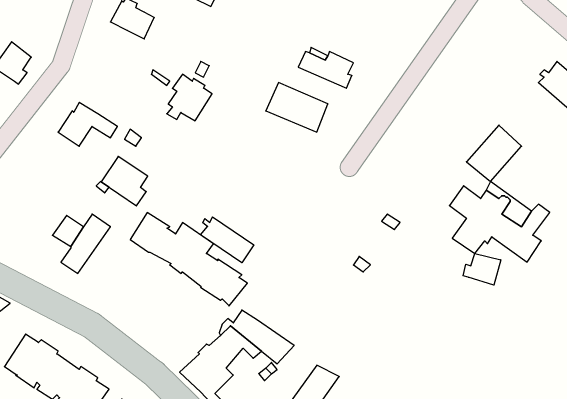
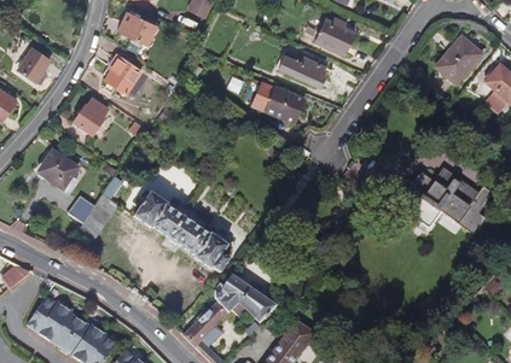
building: none -> [315,16,354,54]
building: [167,74,212,121] -> [103,53,141,93]
building: [466,125,522,182] -> [434,35,481,83]
building: [101,156,148,206] -> [37,150,77,192]
building: [201,217,254,263] -> none
building: [463,254,501,285] -> none

